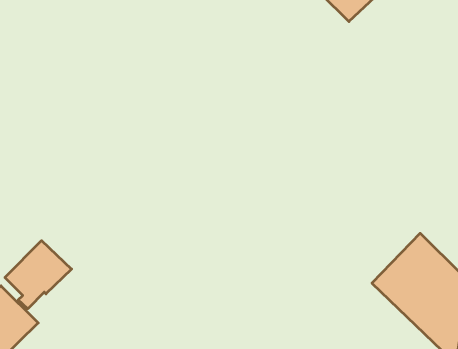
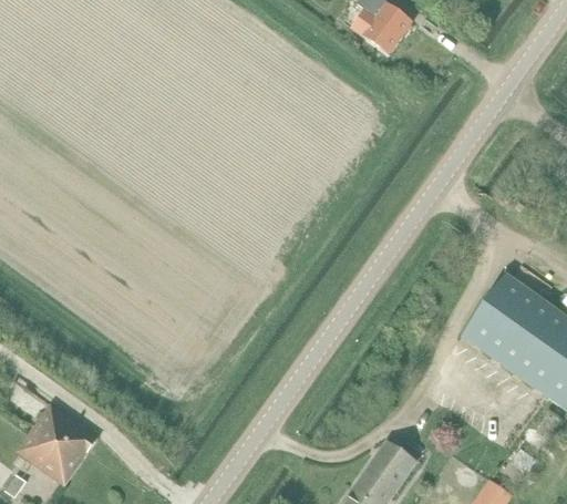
building: [5,241,72,309] -> none

